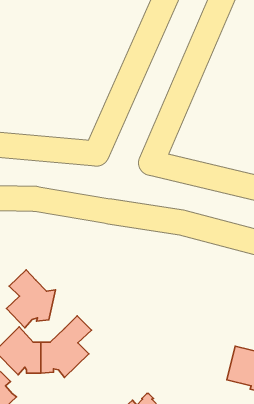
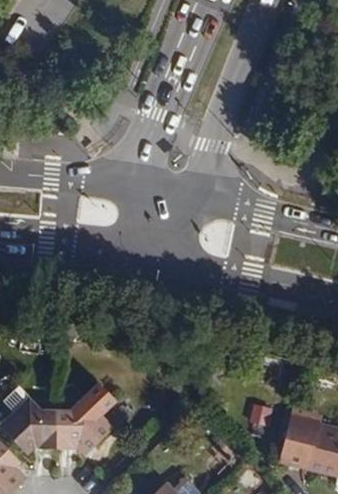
building: [6,270,56,328] -> none

